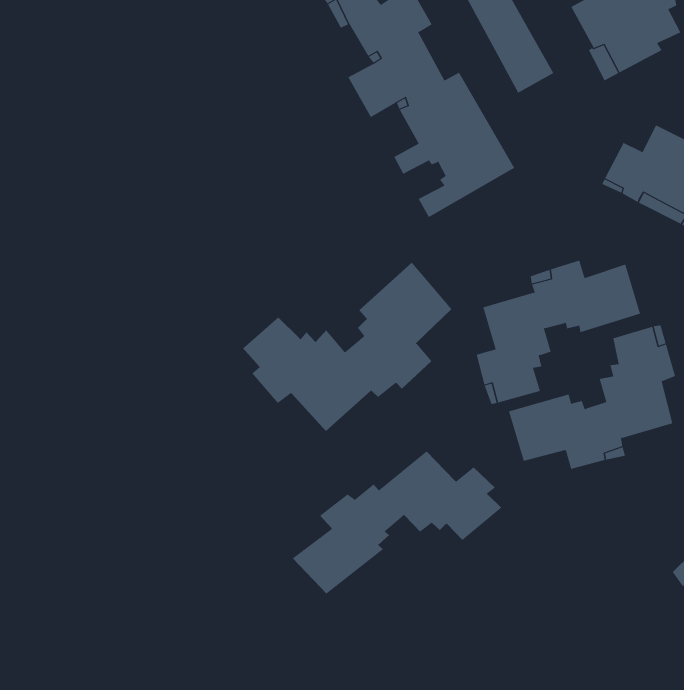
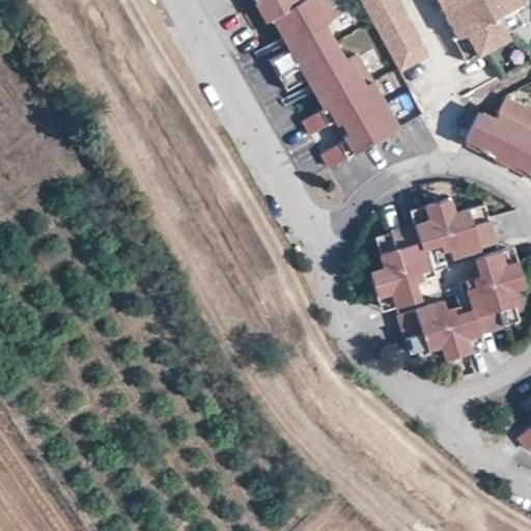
building: [242,262,452,432] -> none
building: [292,451,502,595] -> none

